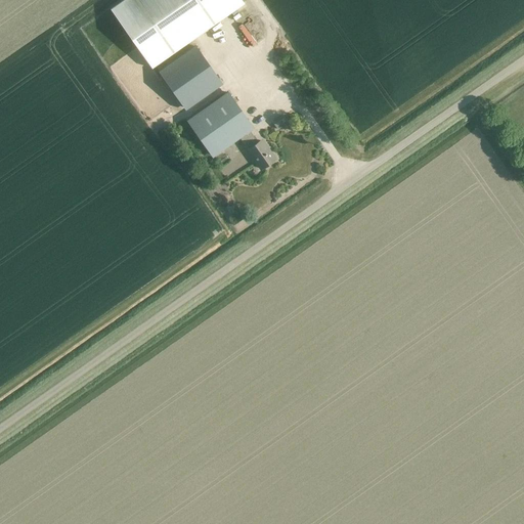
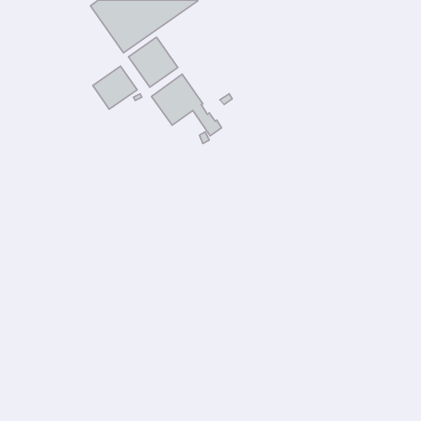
building: none -> [93,66,137,109]

